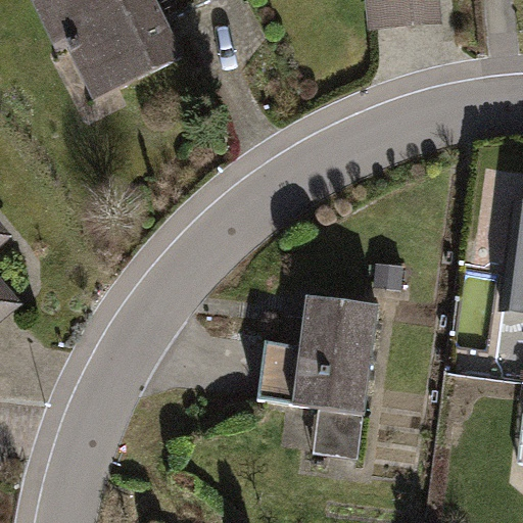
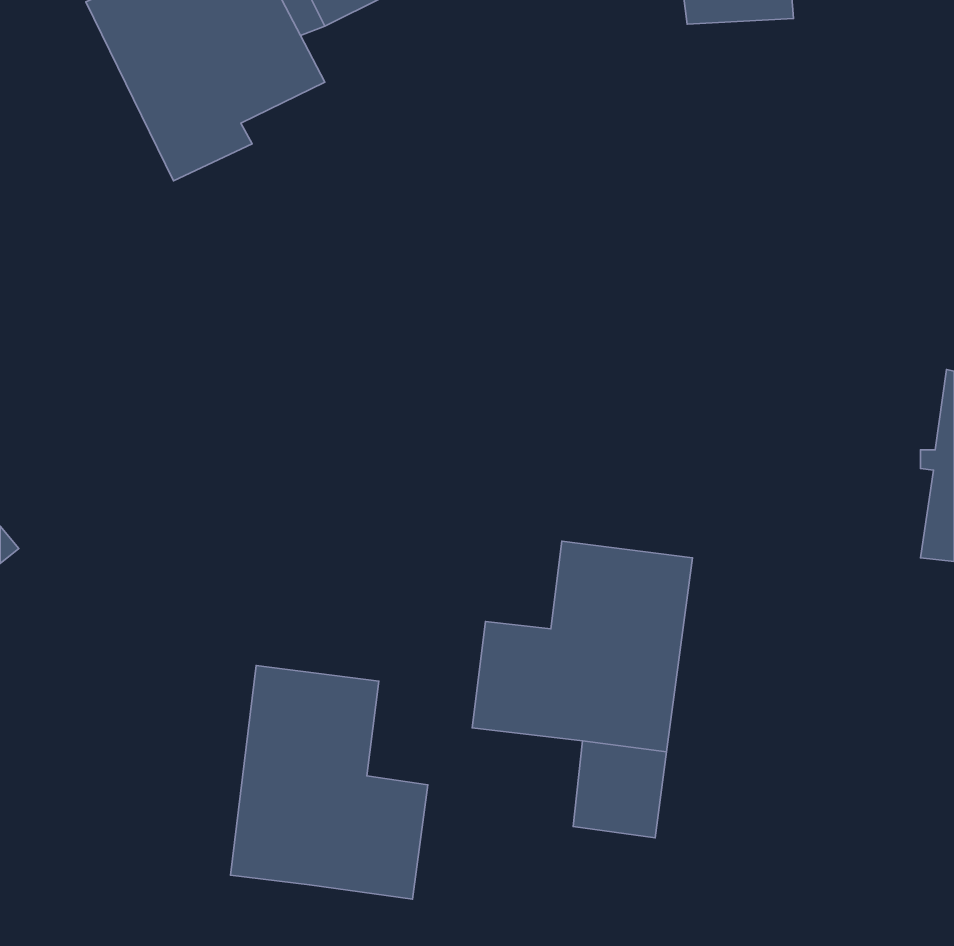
building: none -> [230,665,428,899]

